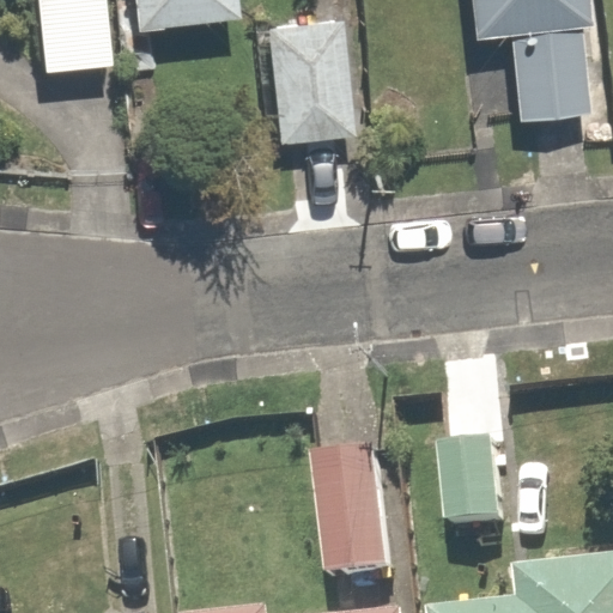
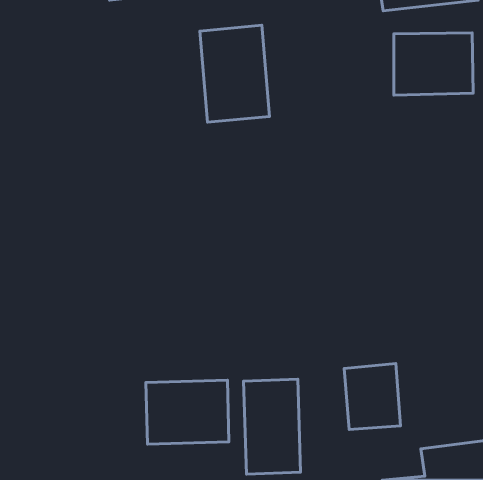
building: none -> [146,380,229,444]

